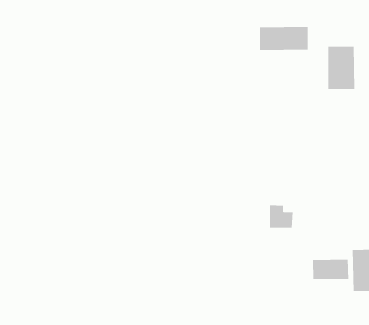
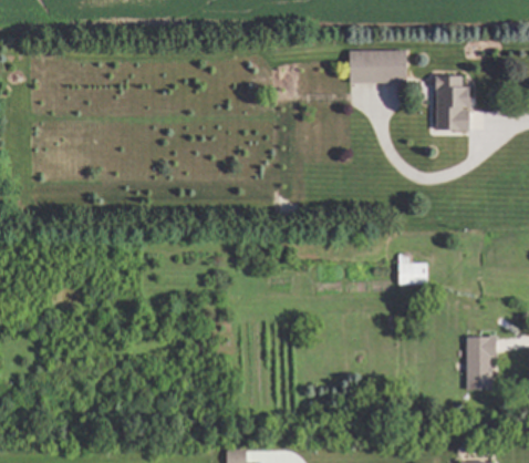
building: [269,205,293,228] -> [397,253,428,282]
building: [312,259,349,280] -> none

